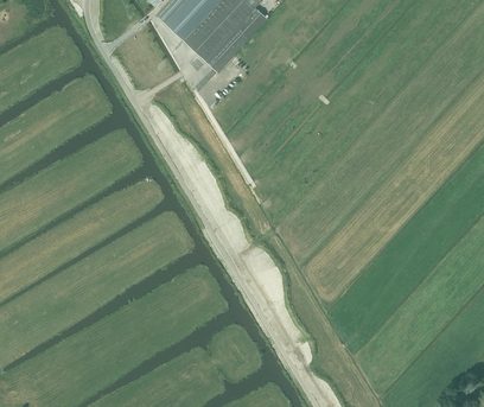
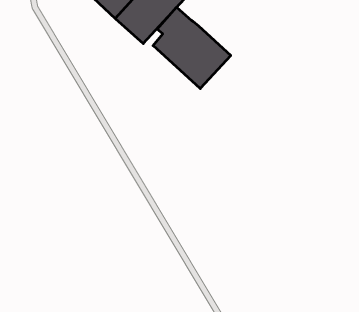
building: none -> [153,7,231,89]

